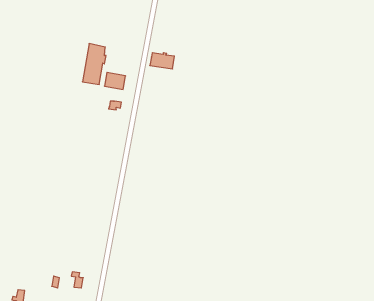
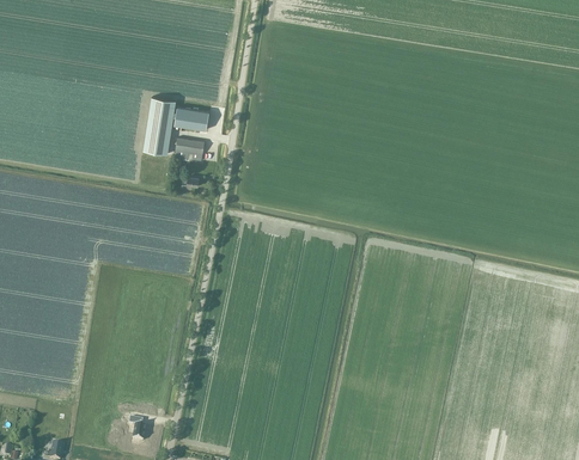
building: [150,53,174,69] -> [176,105,211,128]

